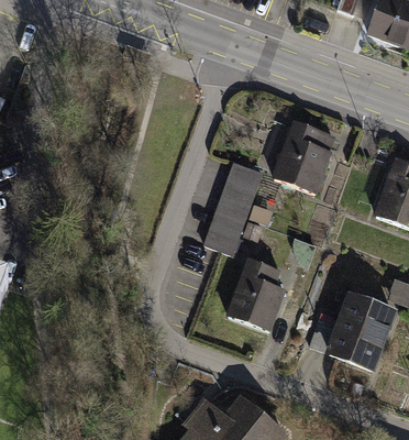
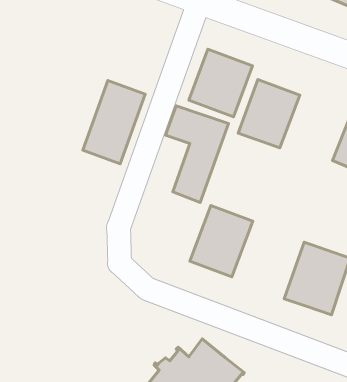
building: none -> [189,49,253,117]
building: none -> [83,81,145,164]

